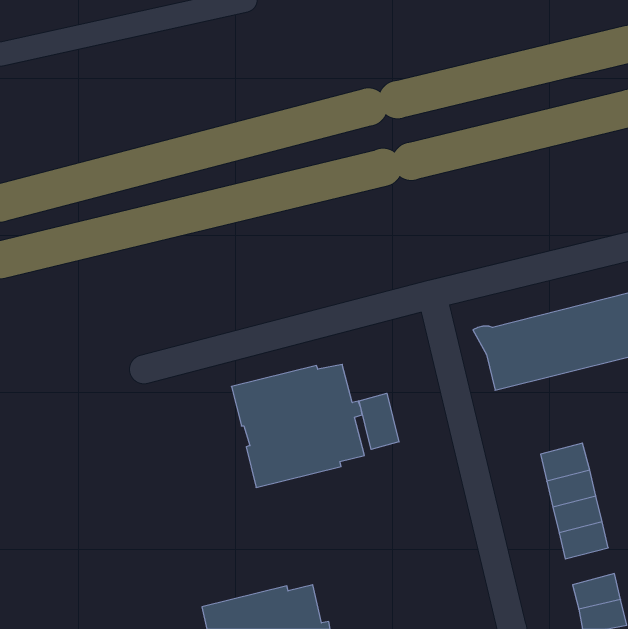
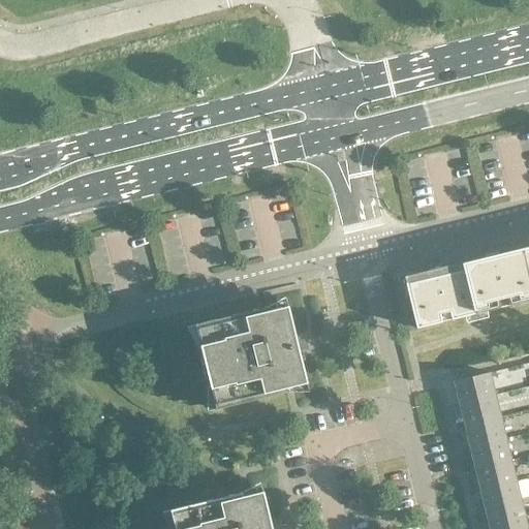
building: [359,393,399,449] -> none
building: none -> [475,460,517,491]

